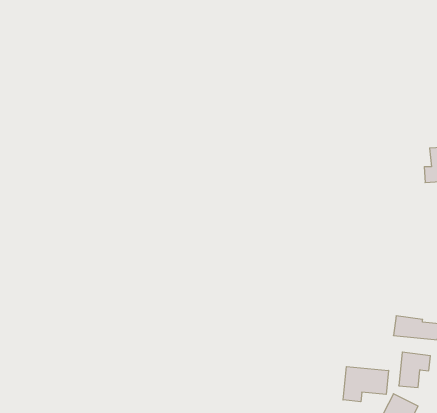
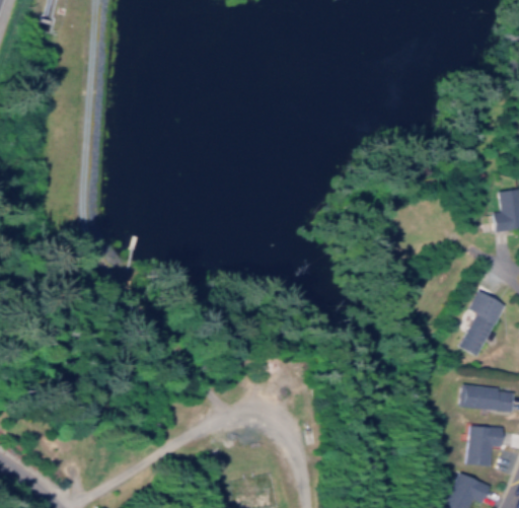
building: none -> [461,291,505,355]
building: [343,367,389,402] -> none

